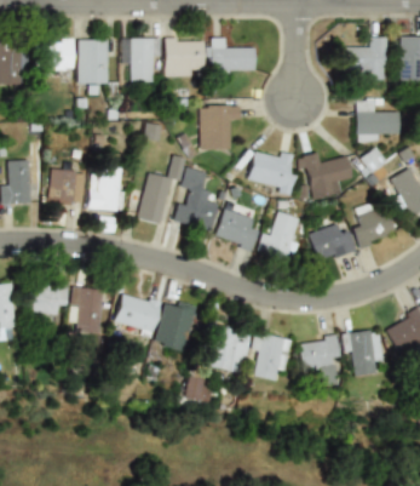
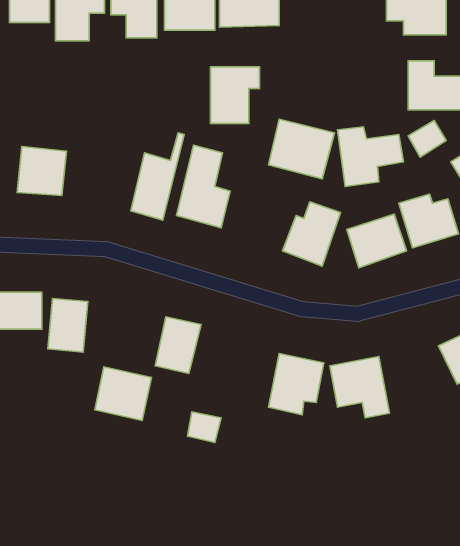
building: [88,165,128,212] -> none
building: [217,210,260,248] -> none
building: [115,291,160,333] -> [95,367,151,420]
building: [202,326,247,373] -> none
building: [340,326,385,376] -> none

